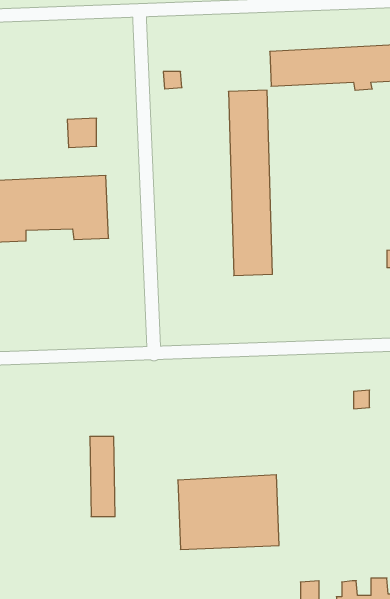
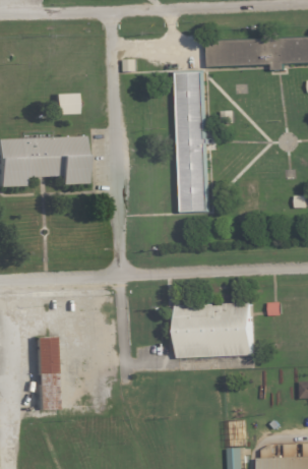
building: [90,437,115,517] -> [41,336,60,397]
building: [178,475,279,549] -> [179,301,256,358]

